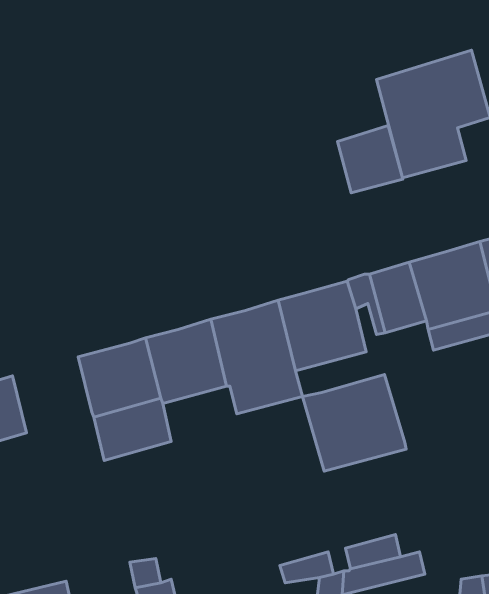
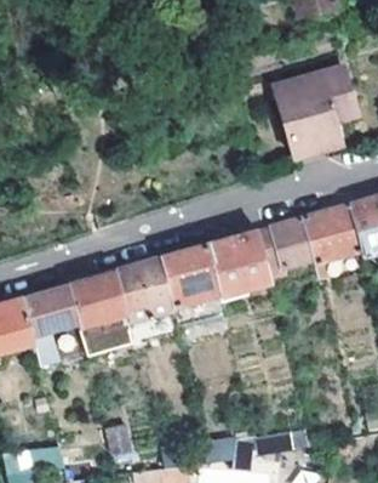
building: [338,126,403,193] -> none
building: none -> [21,284,76,366]
building: [302,375,406,471] -> none

